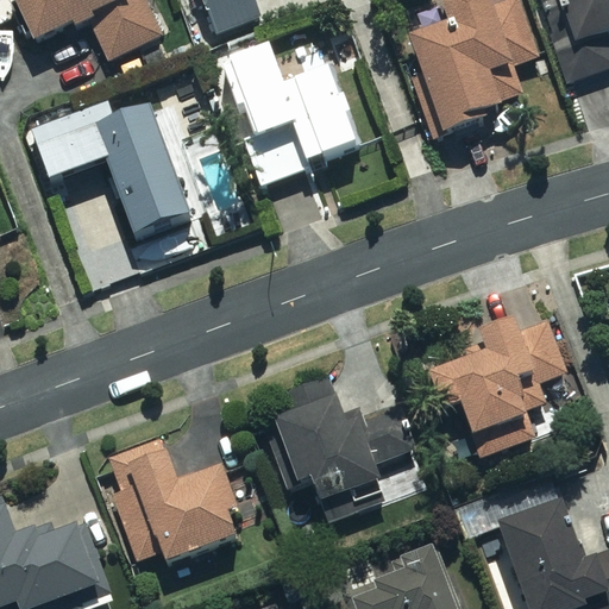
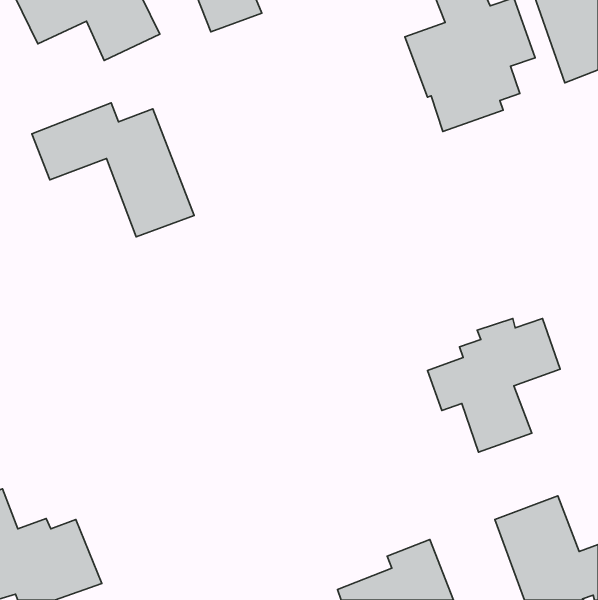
building: [231,49,359,178] -> none
building: [260,377,413,500] -> none
building: [106,438,237,563] -> none

